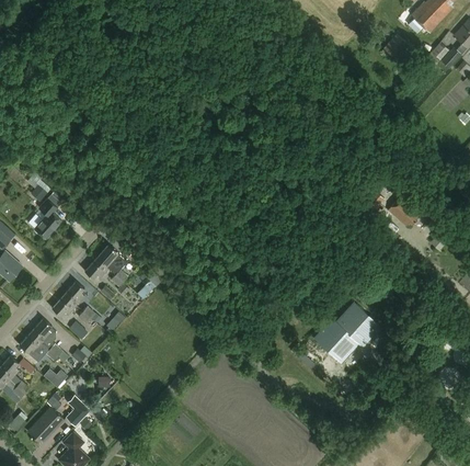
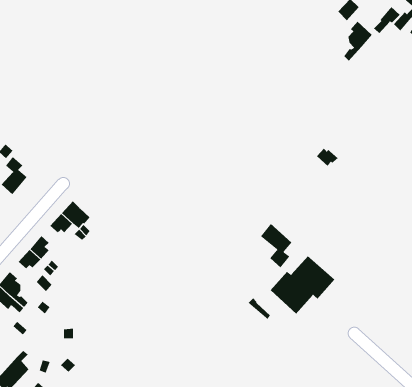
building: none -> [343,21,373,62]
building: [388,196,419,227] -> none
building: none -> [260,223,292,268]

